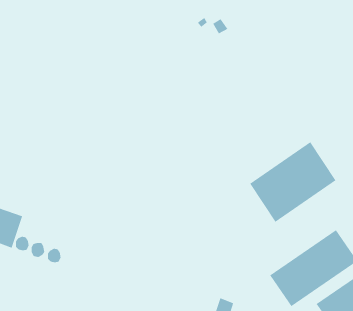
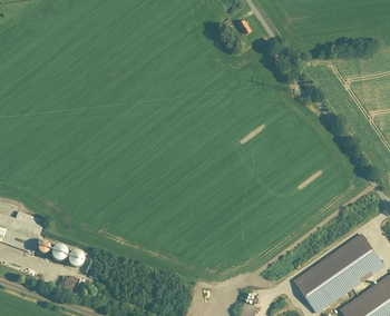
building: [249,141,337,223] -> none

